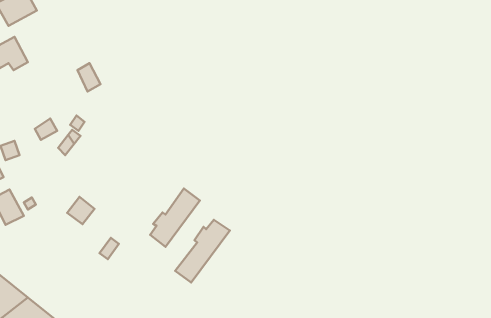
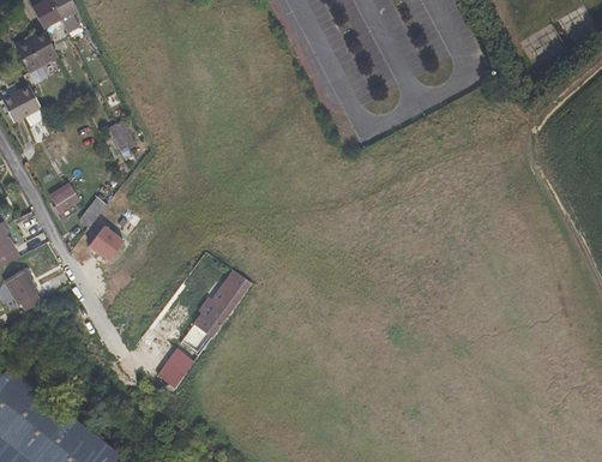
building: [67,197,95,224] -> [90,227,122,259]
building: [175,220,230,282] -> none
building: none -> [156,354,188,388]

